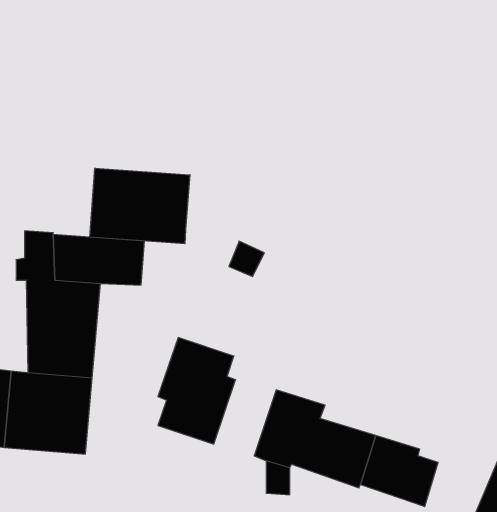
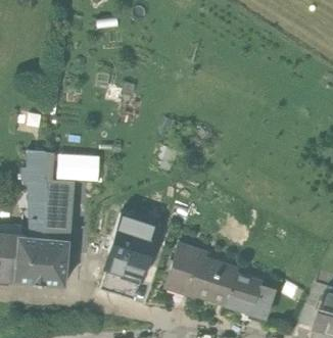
building: [90,168,190,244] -> none
building: none -> [99,268,140,302]

